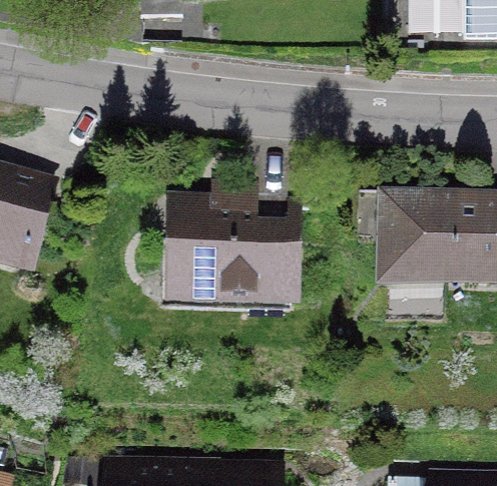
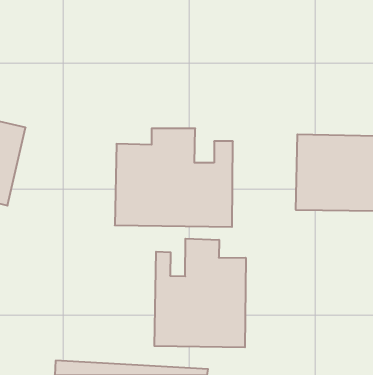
building: none -> [154,239,246,347]

